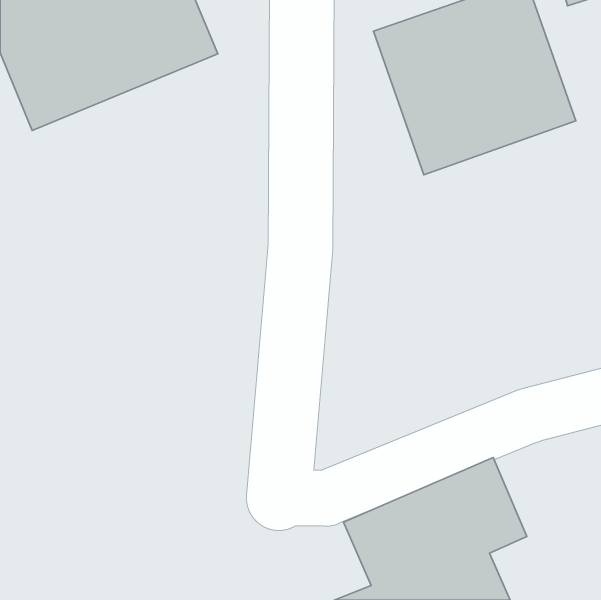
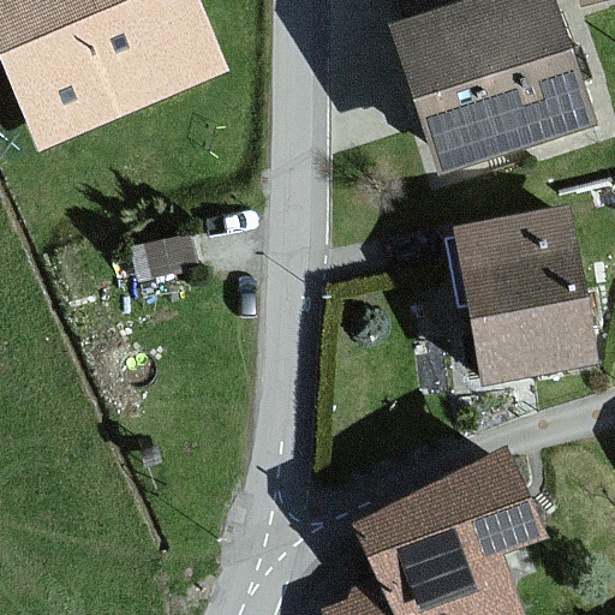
building: none -> [460,208,592,382]

